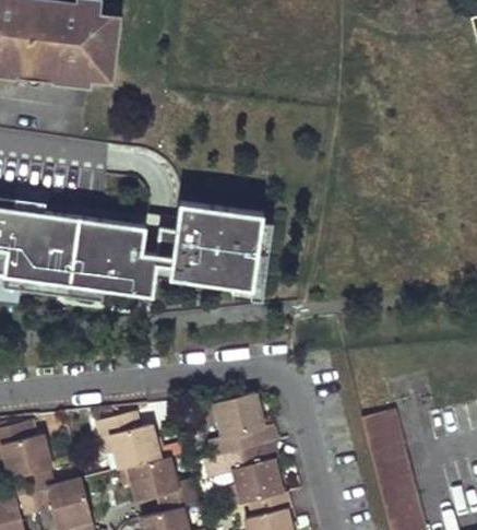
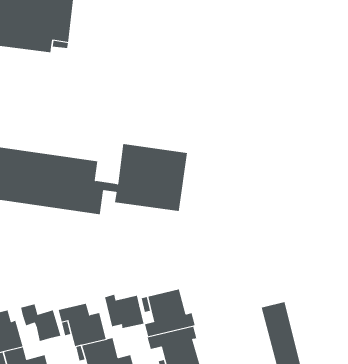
building: none -> [104,294,144,329]
building: none -> [20,303,61,342]

